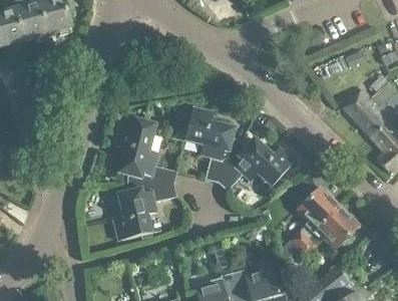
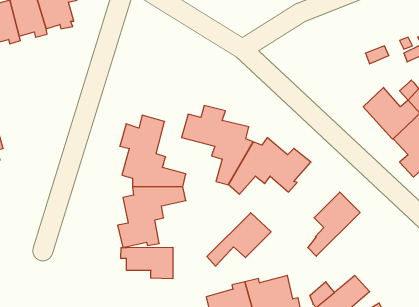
building: [299,207,359,257] -> [207,213,271,266]
building: none -> [121,247,173,279]

